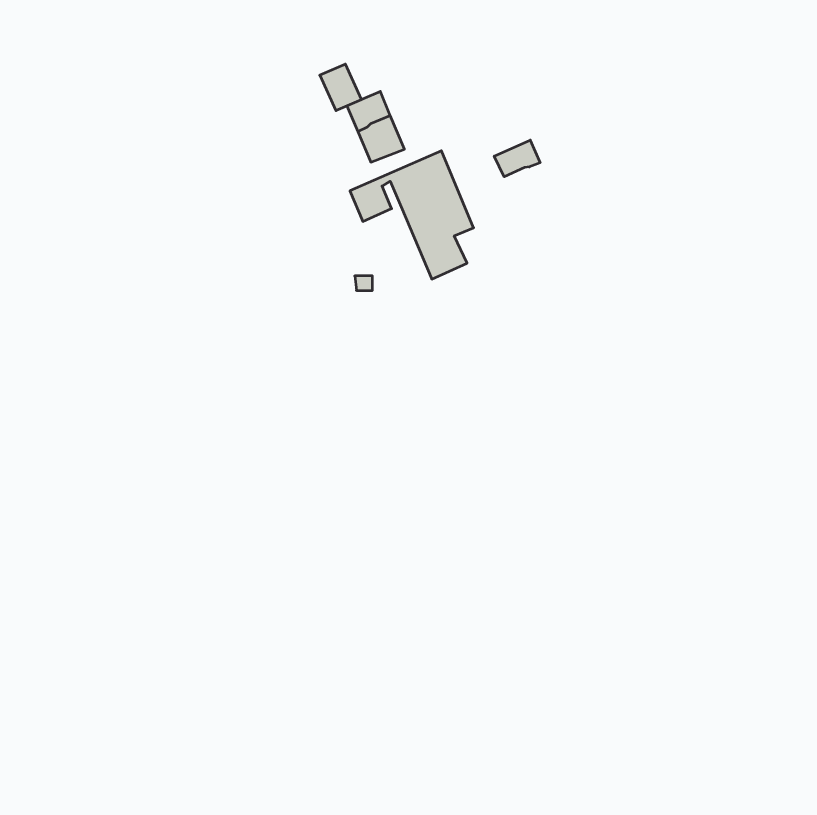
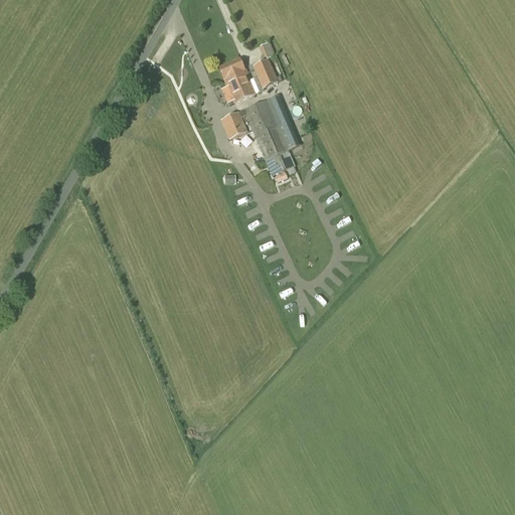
building: [320,64,362,111] -> [250,58,277,88]
building: [494,140,540,177] -> none

